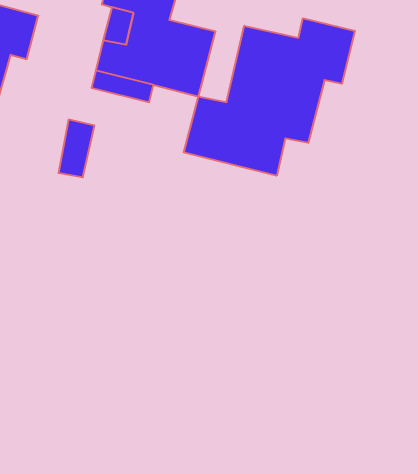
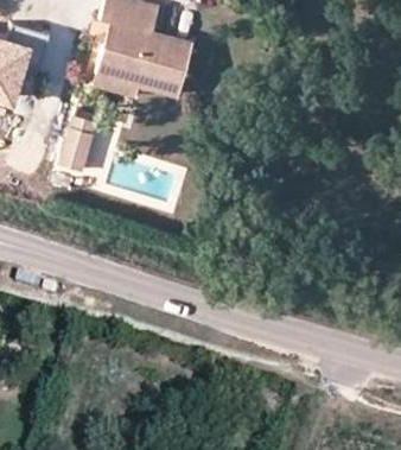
building: [184,18,355,176] -> none

